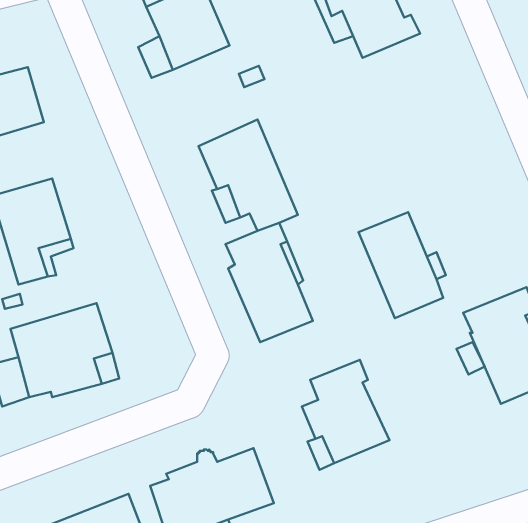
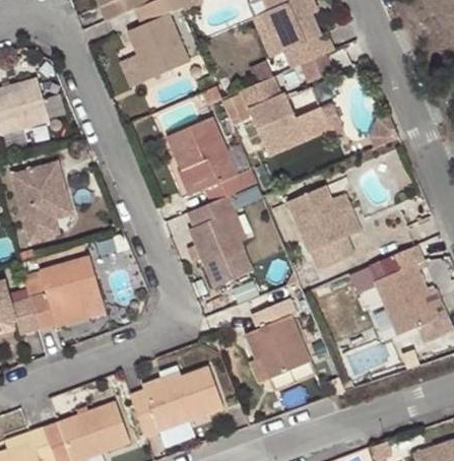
building: none -> [239,77,339,157]

